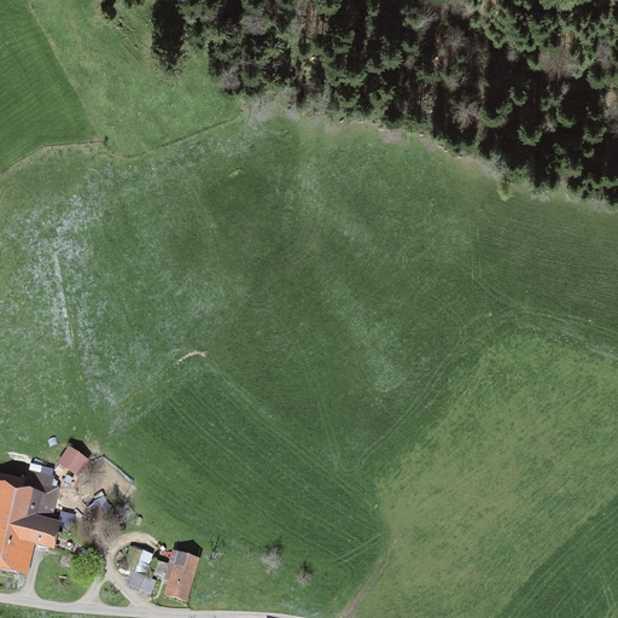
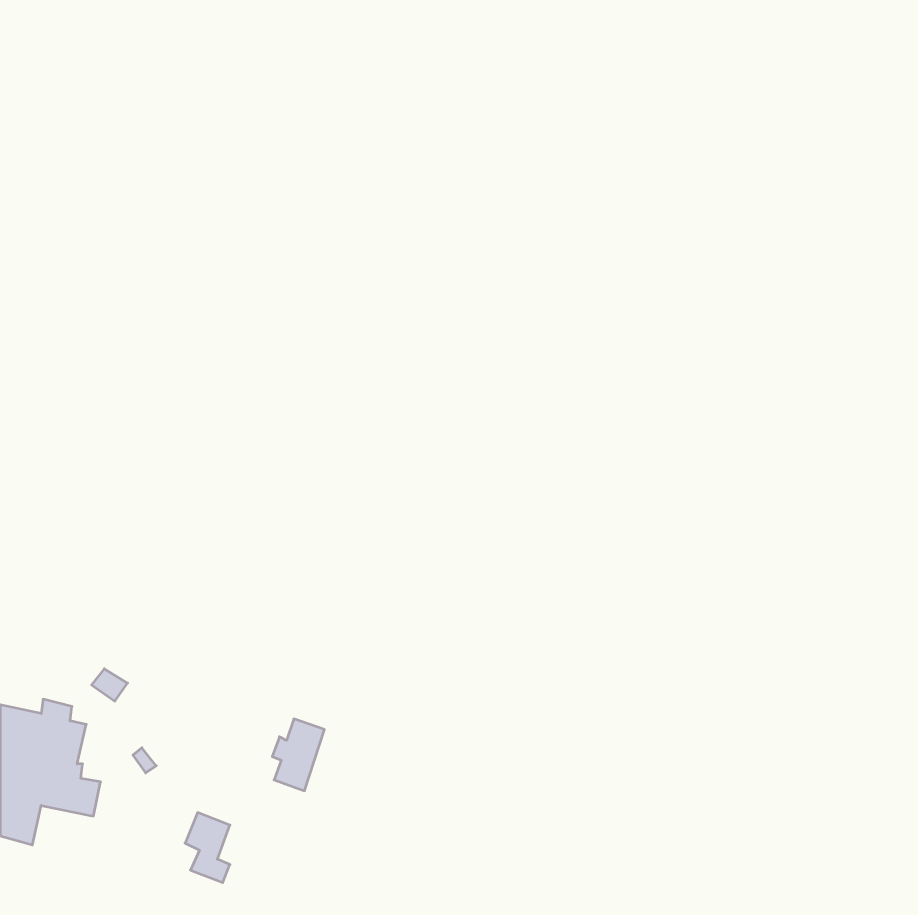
building: [163,553,198,601] -> [272,719,324,791]

